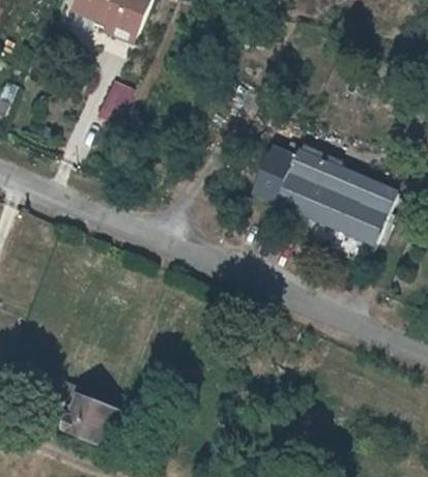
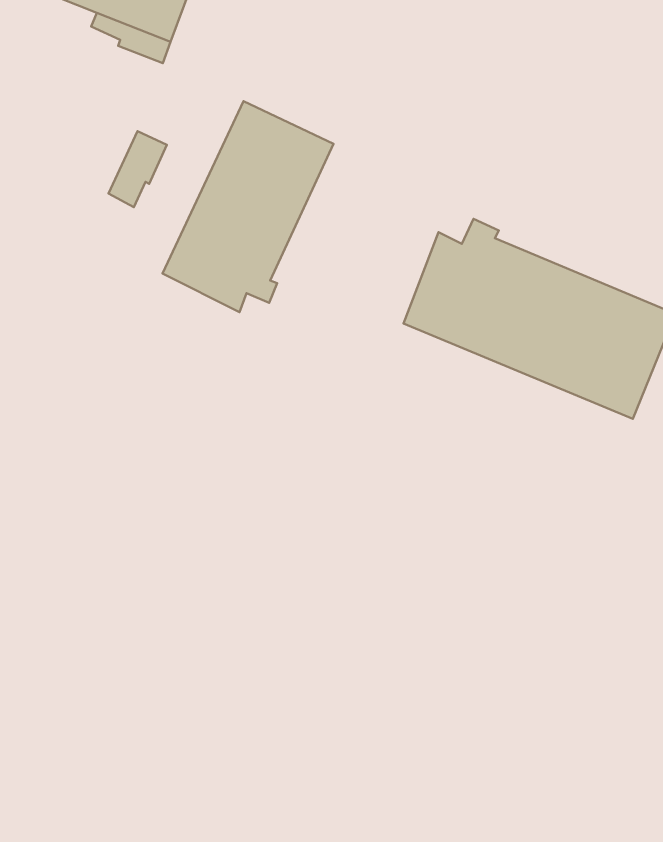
building: none -> [163,101,333,312]
building: [52,389,121,444] -> none

